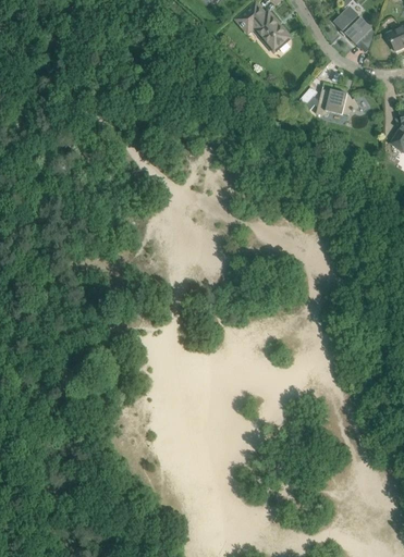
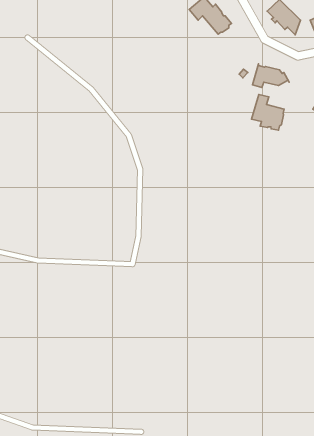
building: none -> [252,94,284,130]

